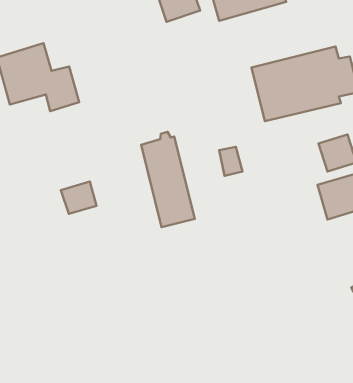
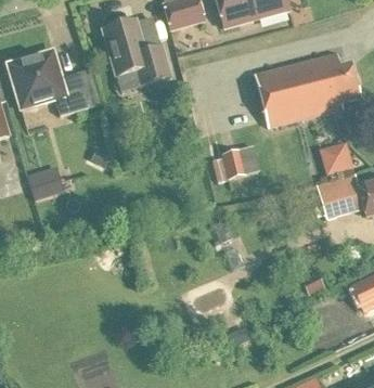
building: none -> [102,17,170,85]
building: [141,132,195,227] -> none
building: [61,181,97,214] -> [29,165,64,196]

